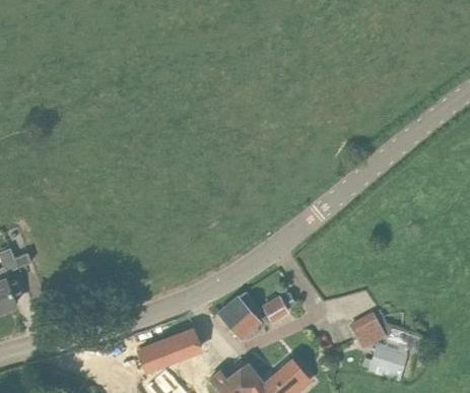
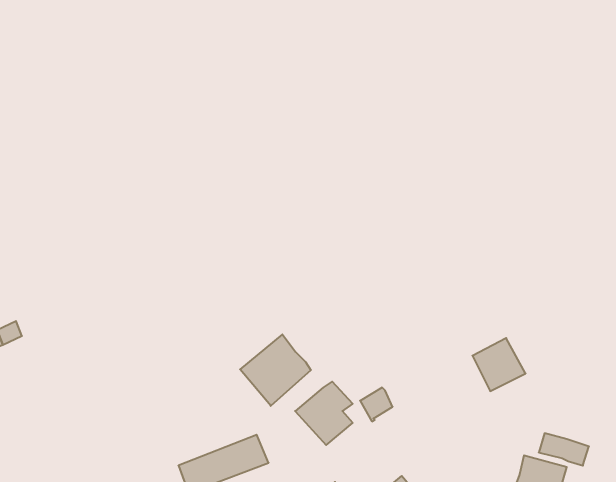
building: none -> [240,334,311,406]
building: [350,312,387,348] -> [472,338,526,391]

